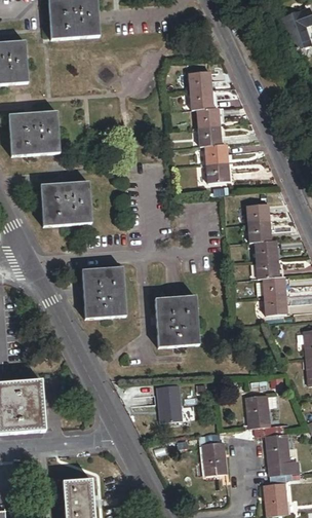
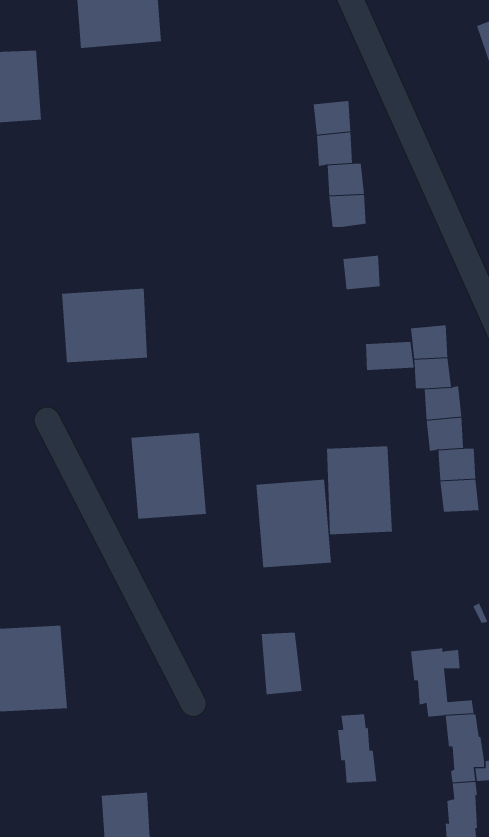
building: [8,111,61,155] -> none
building: [205,143,228,163] -> none
building: none -> [366,341,414,371]
building: none -> [326,445,393,535]

